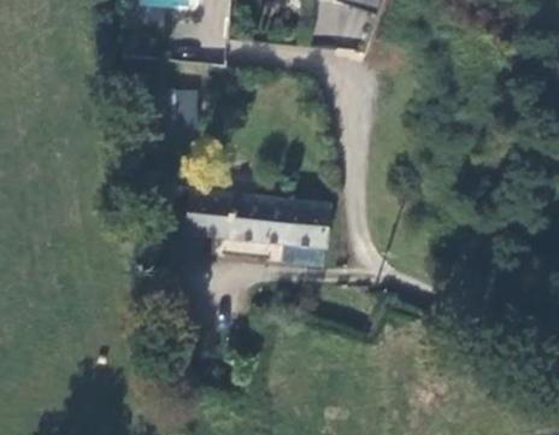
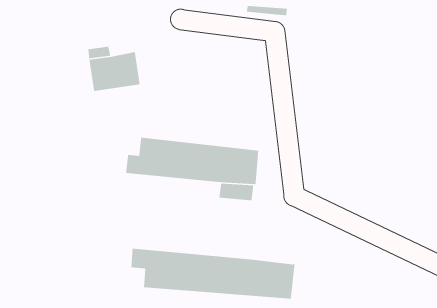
building: none -> [130,248,295,300]

